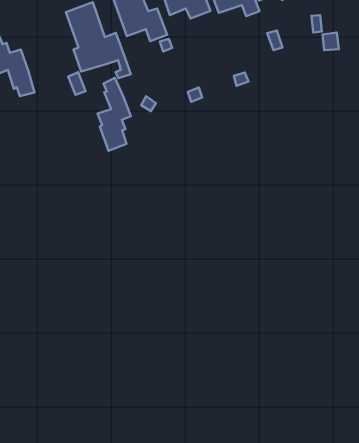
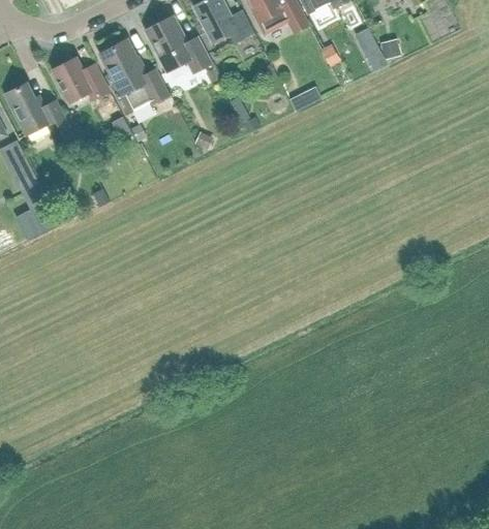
building: none -> [52,57,110,102]
building: [97,78,131,151] -> none

